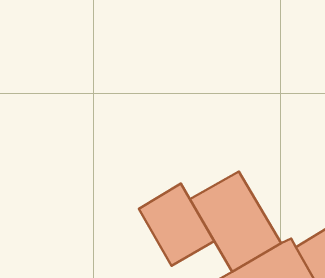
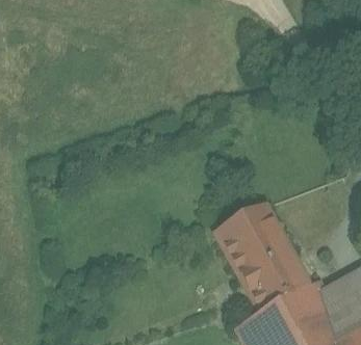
building: [139,183,214,266] -> none

